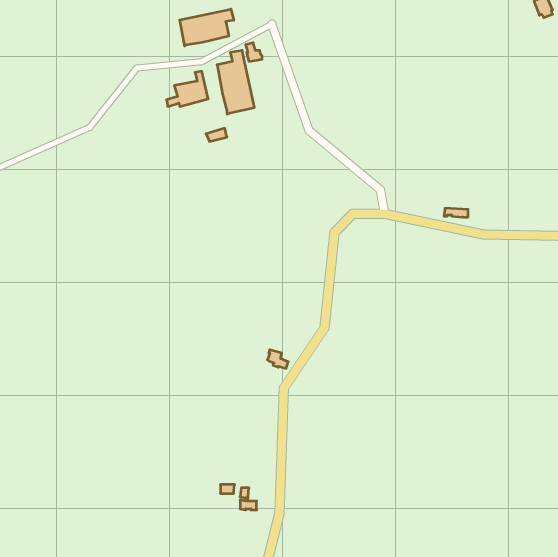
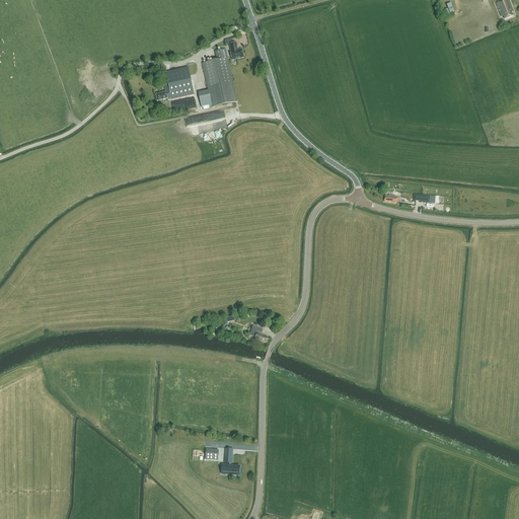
building: [180,9,234,46] -> none

